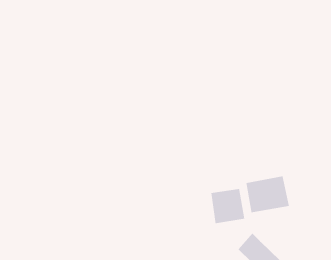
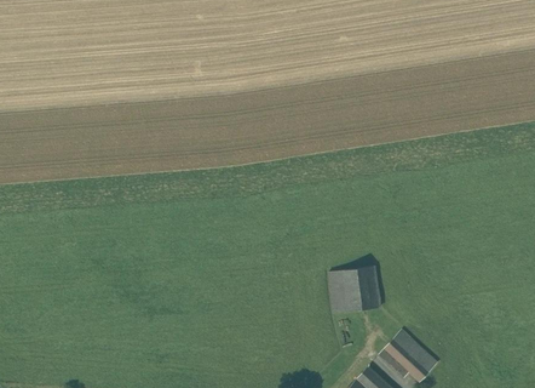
building: [246,175,290,213] -> none

